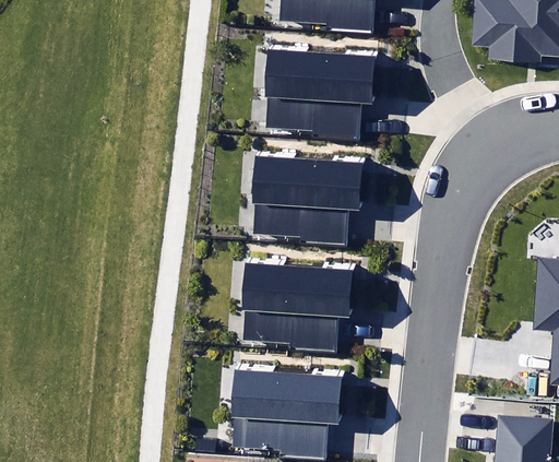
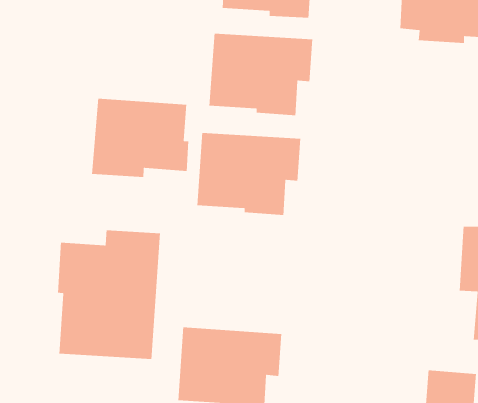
building: none -> [91,98,189,178]
building: none -> [57,230,161,360]
building: [240,262,353,353] -> none

